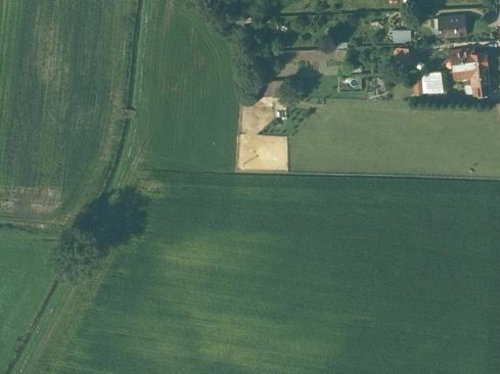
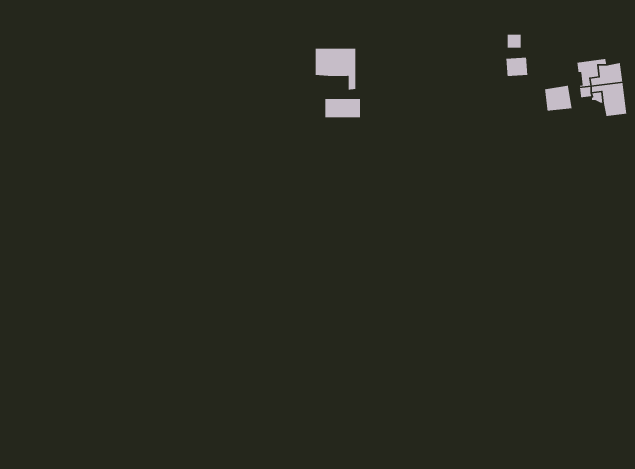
building: [433,16,464,37] -> none
building: none -> [315,48,356,91]

